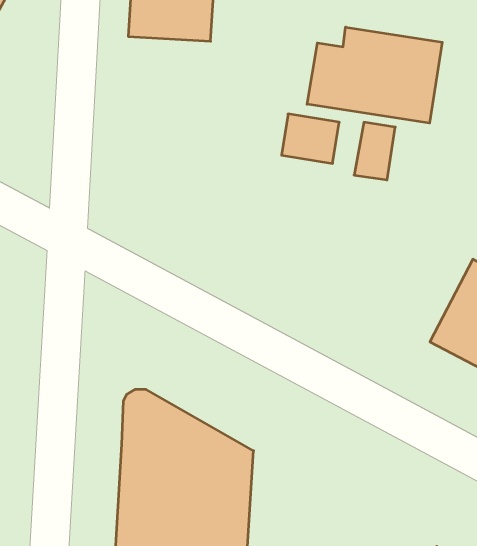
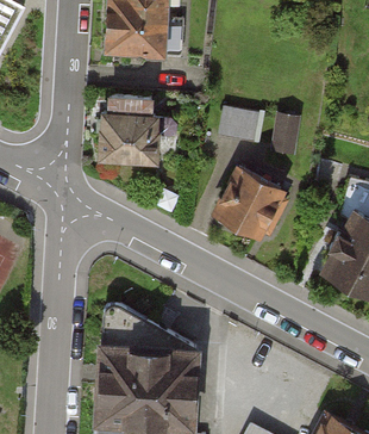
building: [307,27,442,123] -> none
building: none -> [102,97,160,159]
building: none -> [213,167,286,238]

